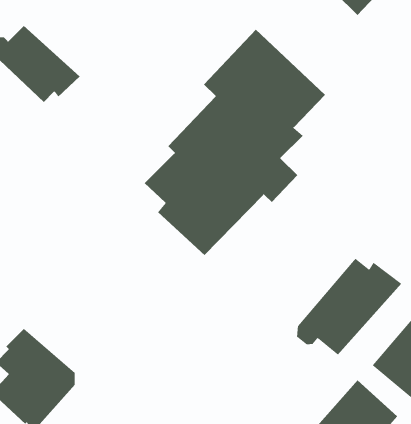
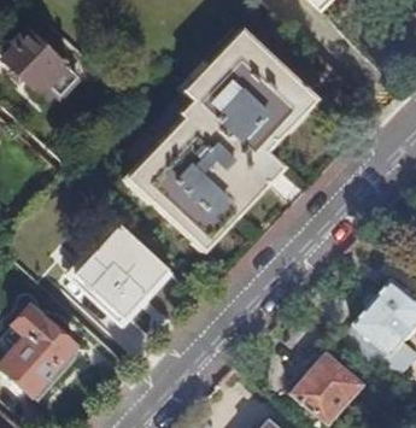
building: none -> [72,218,180,326]
building: [296,258,402,355] -> none

